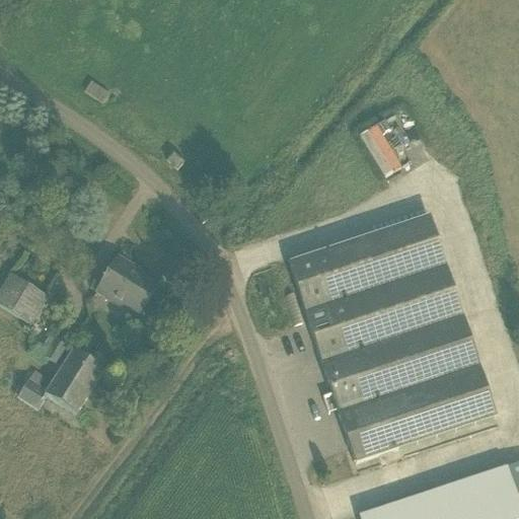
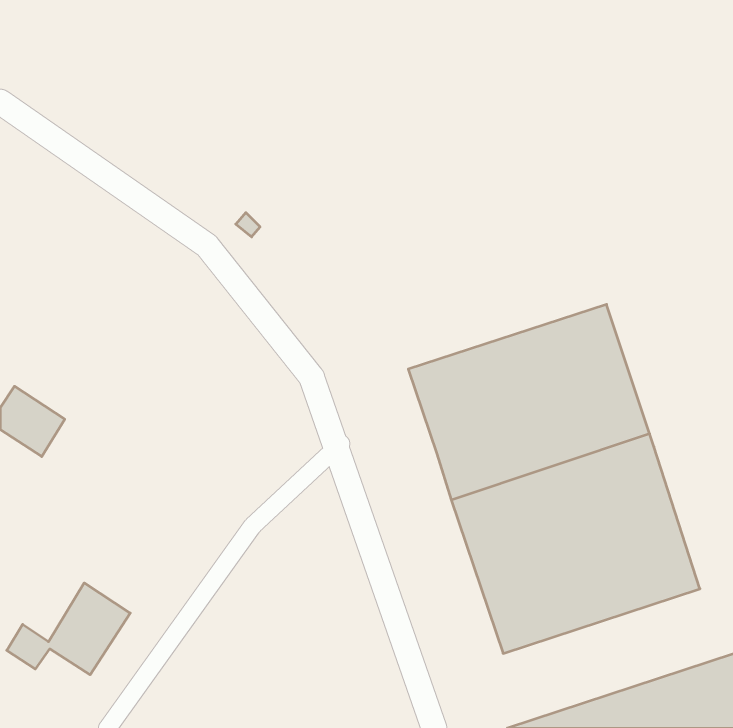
building: [360,124,402,176] -> none
building: [97,255,158,312] -> none
building: [17,349,104,414] -> [7,583,130,675]

